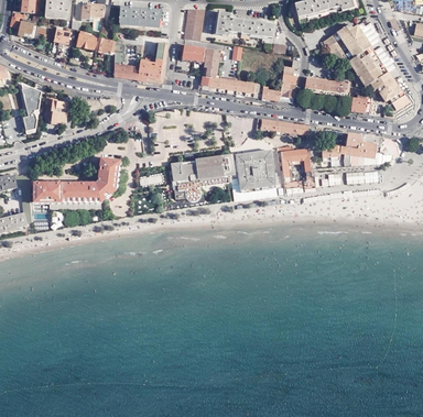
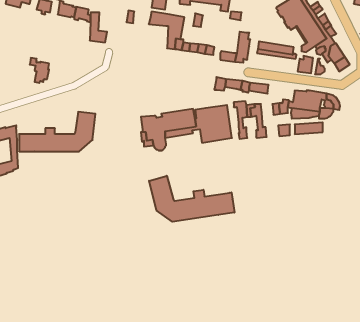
building: [137,58,165,83] -> none
building: [22,85,41,132] -> none
building: none -> [149,176,234,222]

